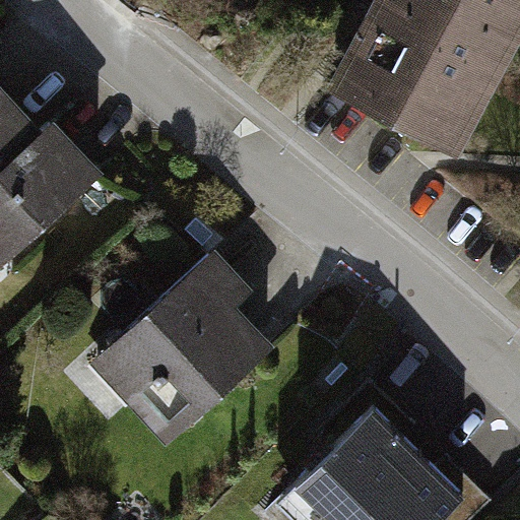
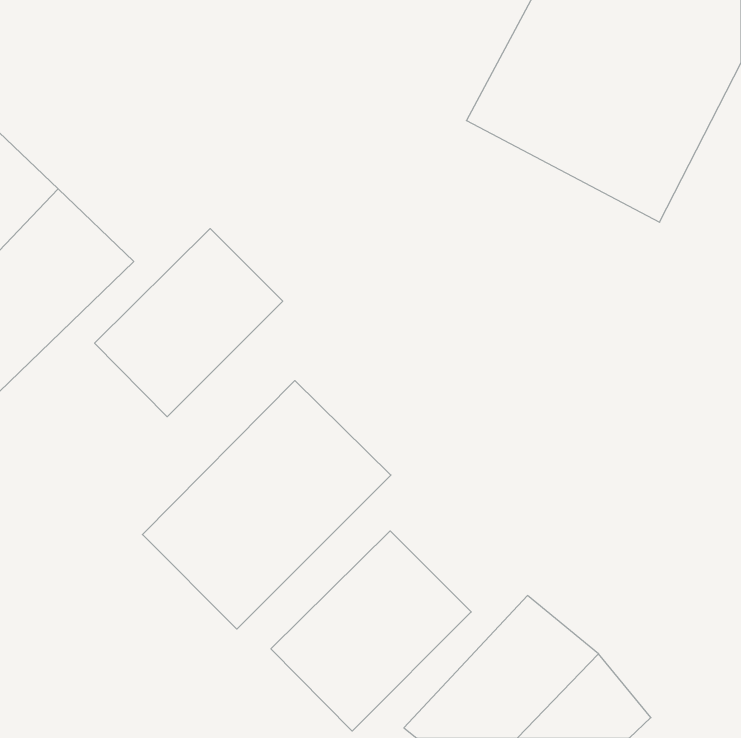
building: none -> [95,229,283,417]
building: none -> [271,531,471,731]

